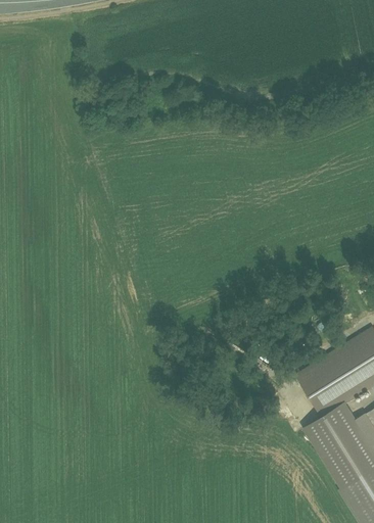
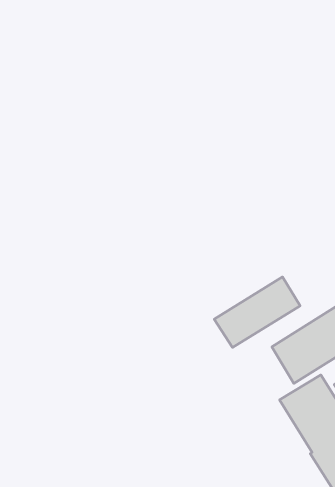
building: none -> [214,277,300,348]

